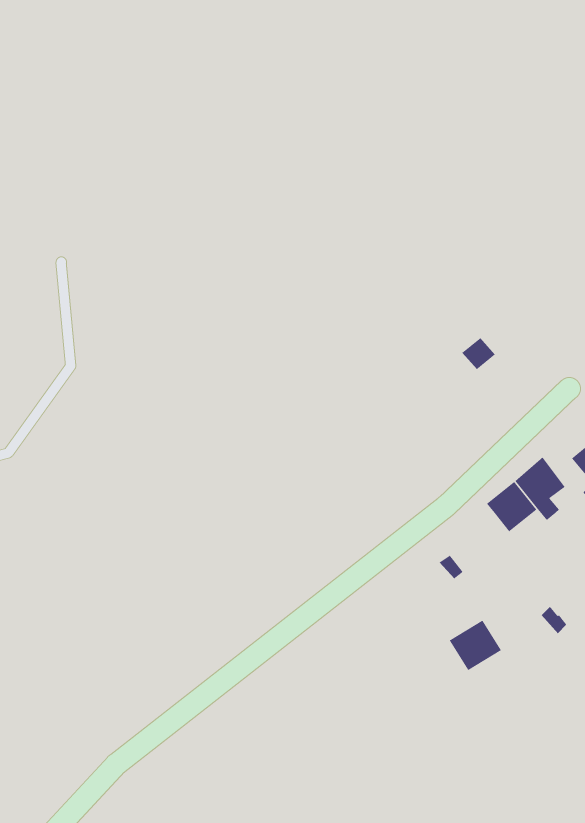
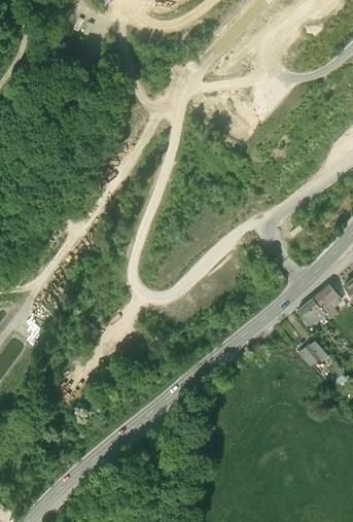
building: [449,620,502,671] -> [297,341,326,369]

